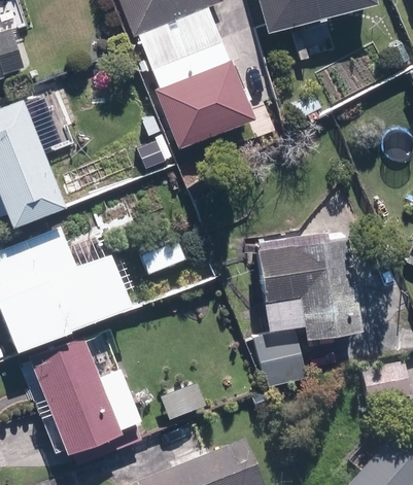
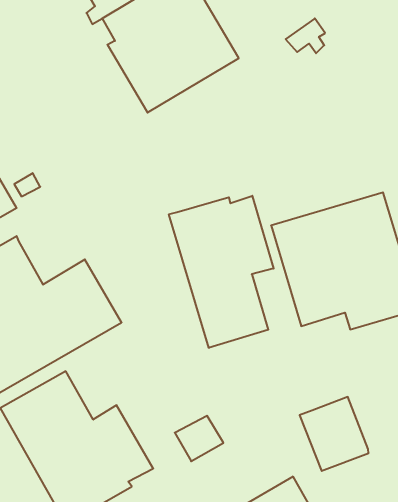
building: none -> [169,196,274,348]
building: [255,327,304,381] -> [300,397,369,471]

